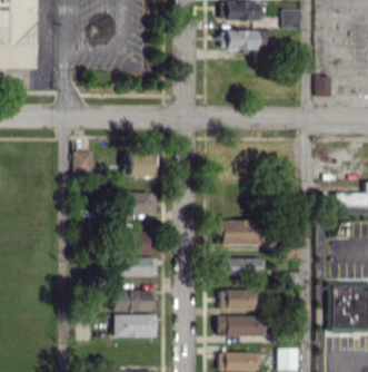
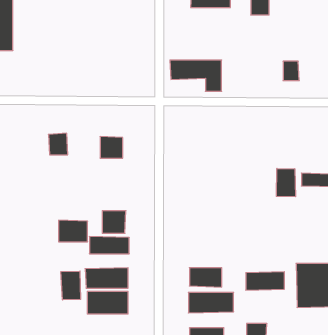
building: [221,30,275,62] -> [170,60,222,91]
building: none -> [276,168,295,197]
building: [126,192,156,214] -> [59,220,88,242]
building: [220,219,261,245] -> none
building: [222,257,262,276] -> [246,272,284,290]
building: none -> [61,271,81,300]

